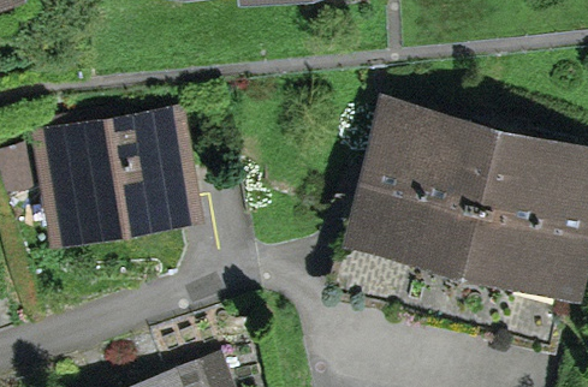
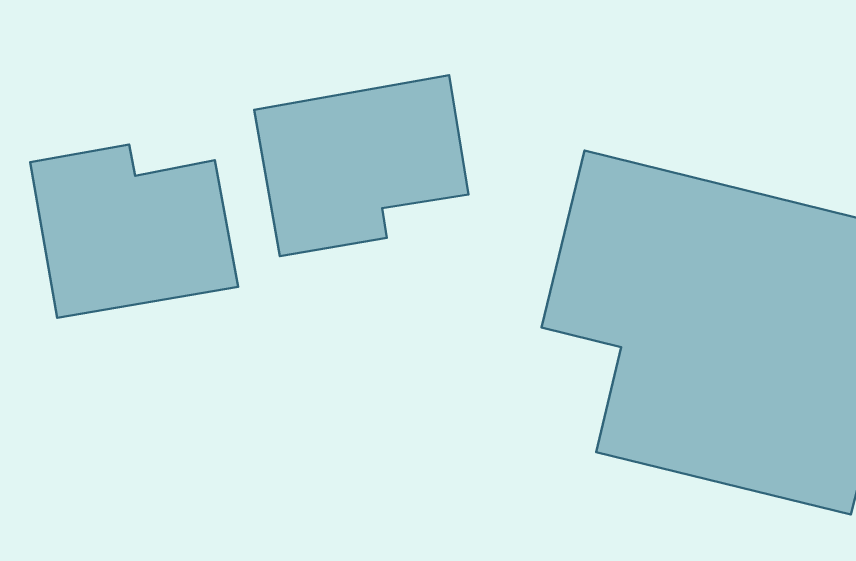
building: none -> [254,75,469,256]

